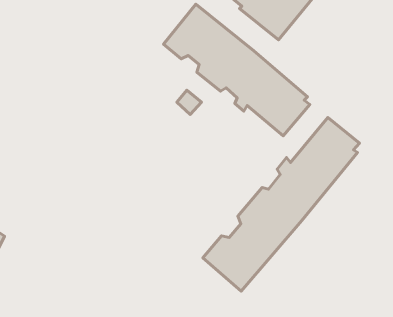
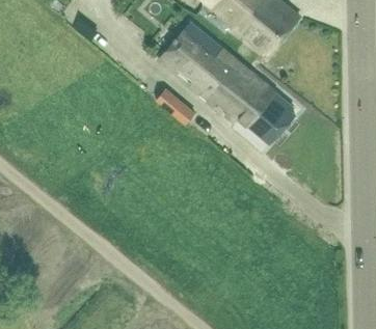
building: [203,118,359,291] -> none

